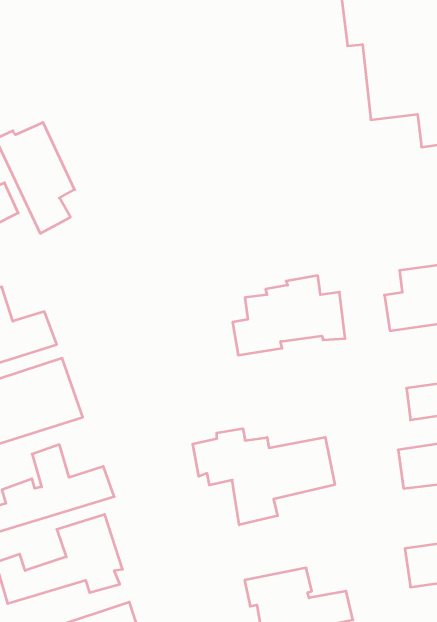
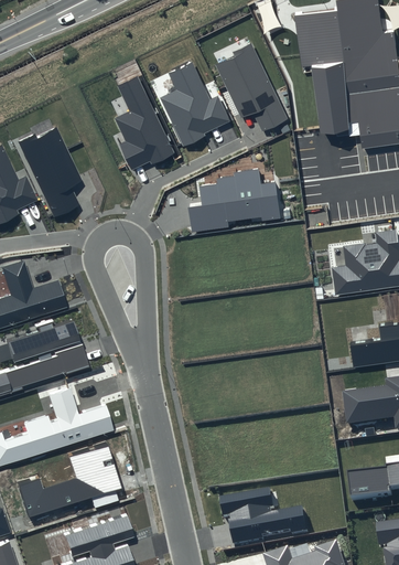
building: none -> [215,43,287,131]
building: none -> [159,62,229,146]
building: none -> [114,76,174,170]
building: [233,276,345,355] -> [188,169,279,233]
building: [193,429,335,525] -> none

